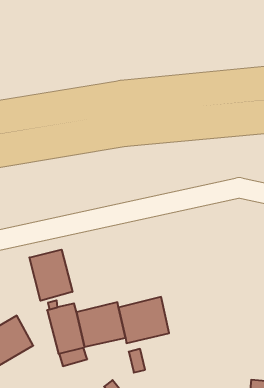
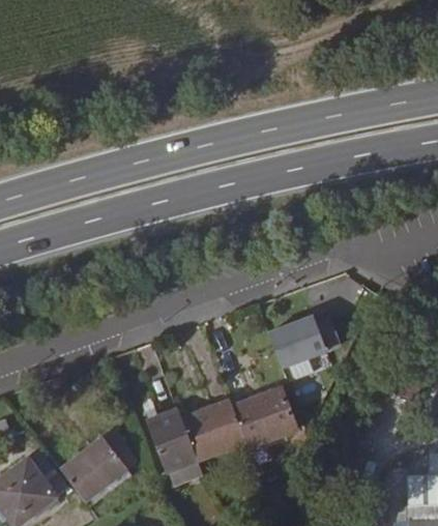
building: none -> [269,316,345,372]
building: [29,250,72,301] -> none

